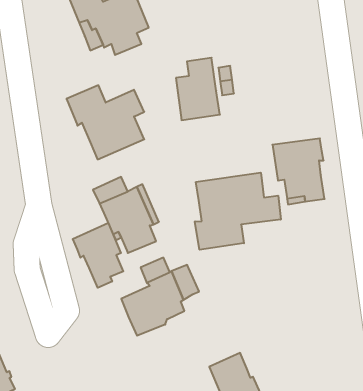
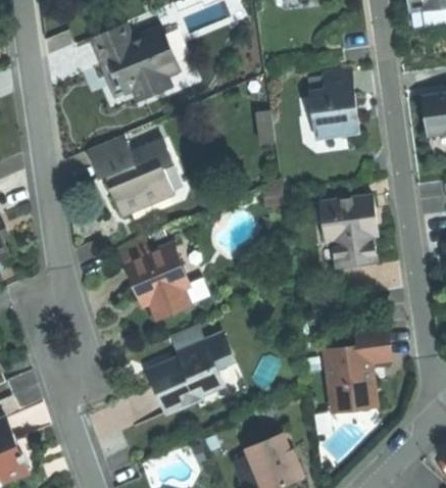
building: [176,58,220,120] -> [308,68,357,138]
building: [195,173,281,250] -> none
building: [73,223,123,288] -> none
building: none -> [325,328,390,409]

